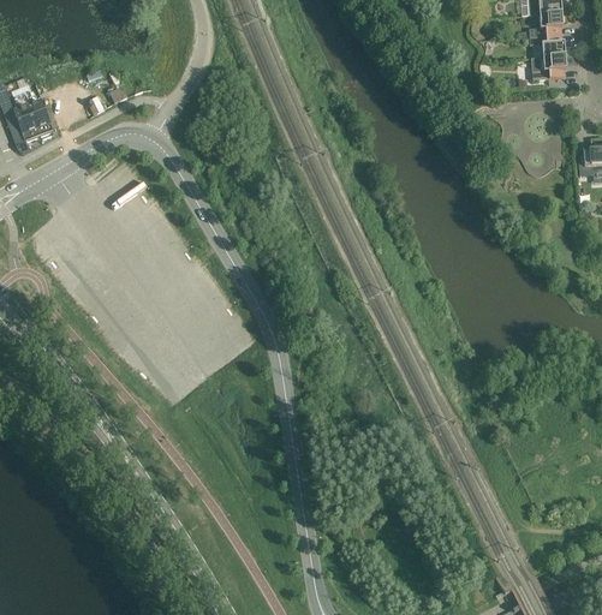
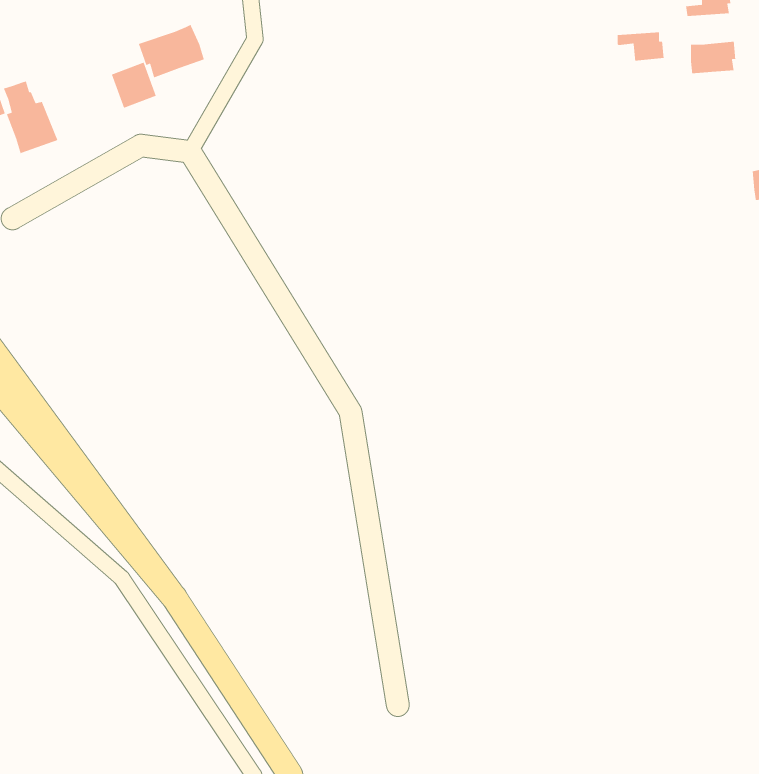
building: [529,35,565,58] -> [617,31,664,62]
building: none -> [138,24,205,78]

